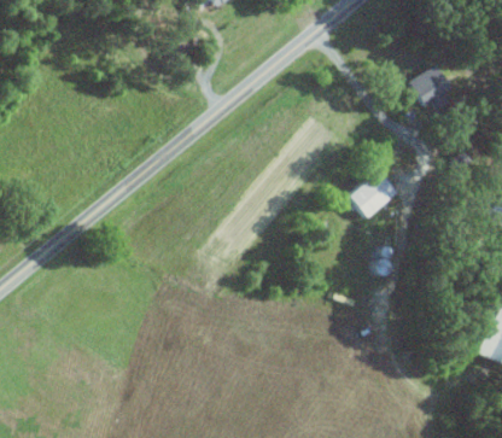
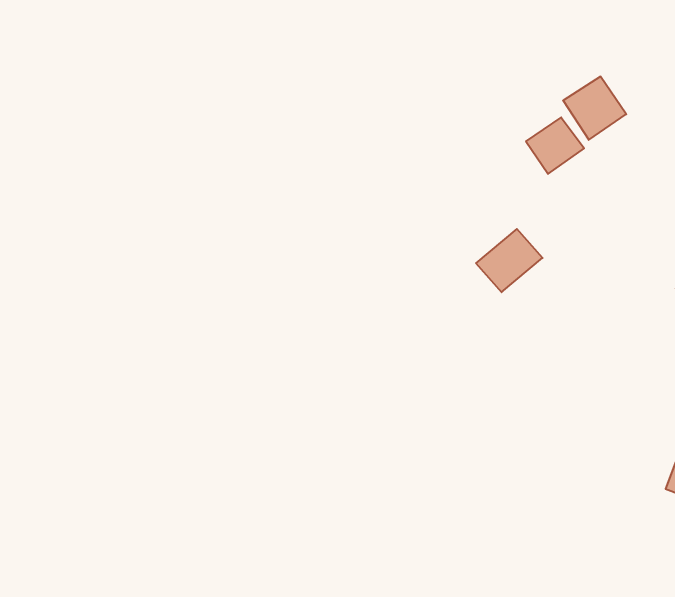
building: none -> [526,117,584,174]

